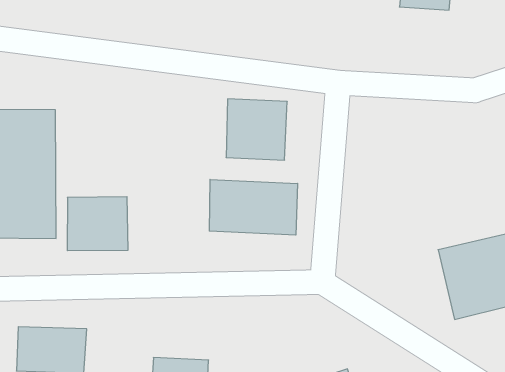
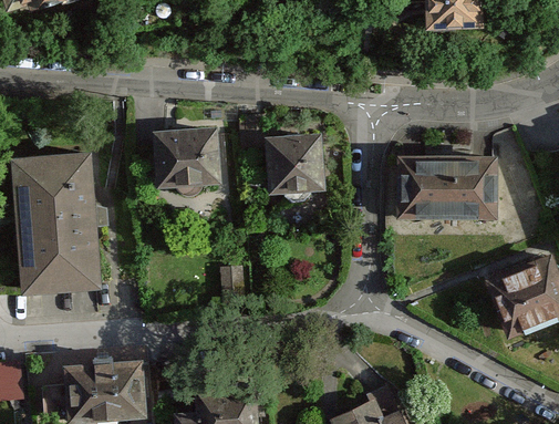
building: none -> [393,145,499,216]
building: [209,179,298,235] -> none
building: [67,197,128,251] -> [156,128,220,186]

